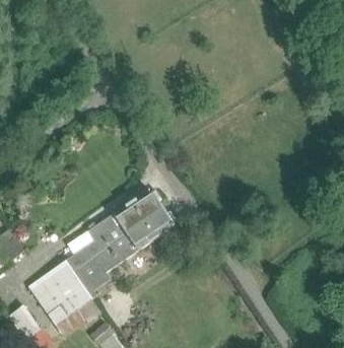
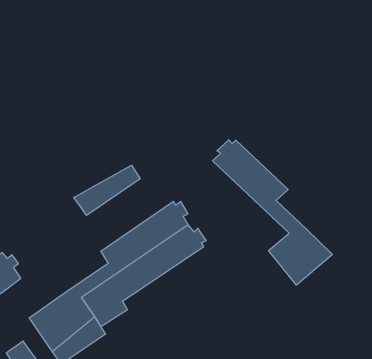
building: none -> [213,140,332,285]
building: none -> [74,165,140,215]

